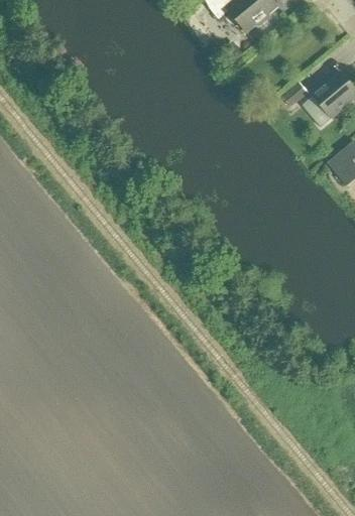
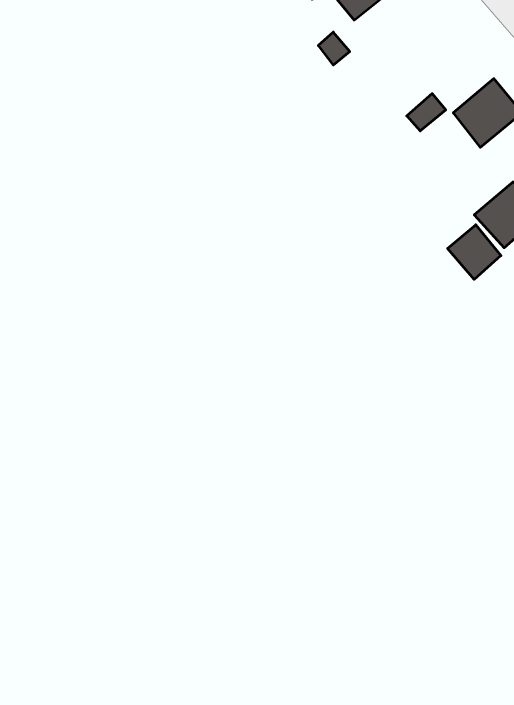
building: none -> [448,225,501,279]

